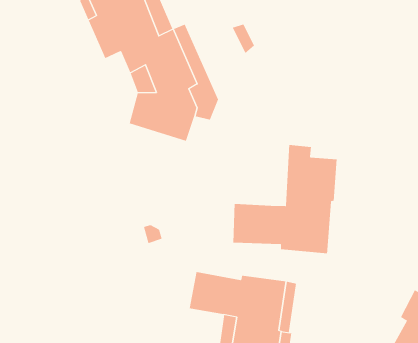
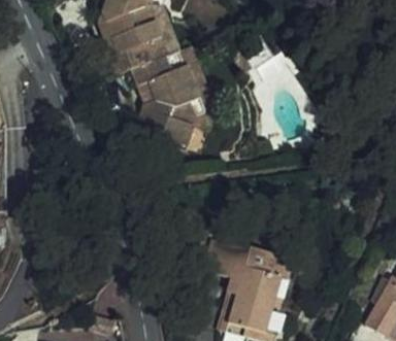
building: [233,144,337,254] -> none

